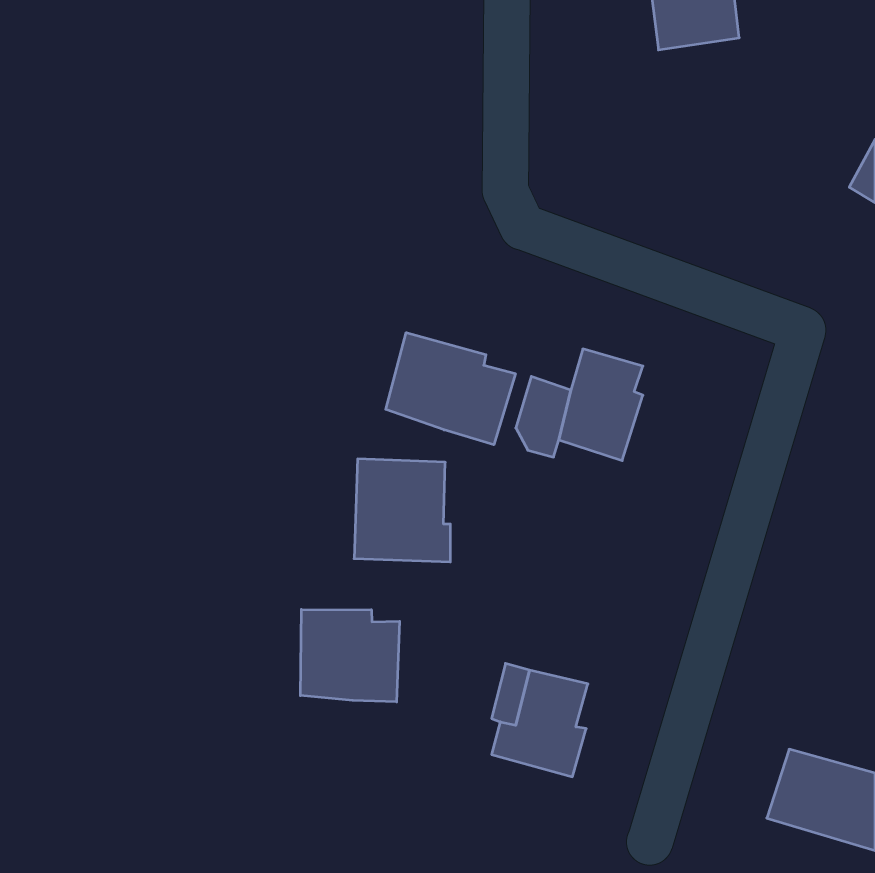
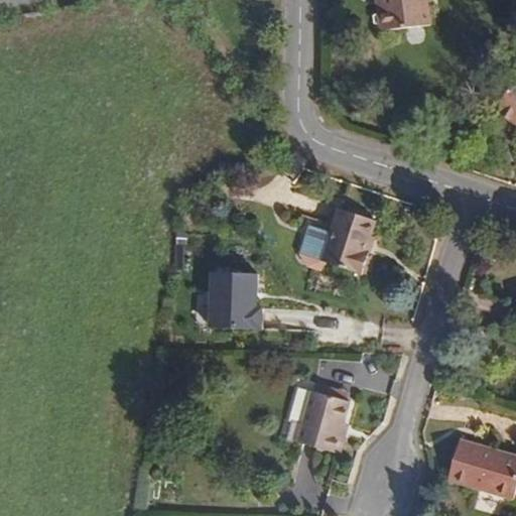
building: [386,333,515,445] -> none
building: [300,609,400,702] -> none

